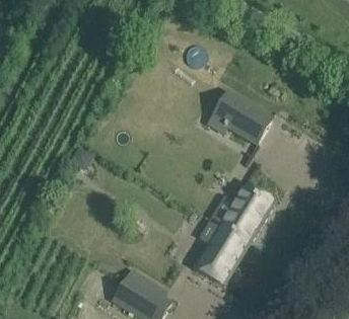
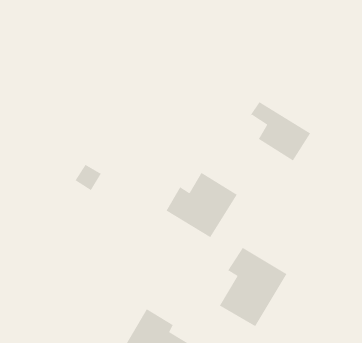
building: [213,182,275,239] -> [166,172,238,238]

